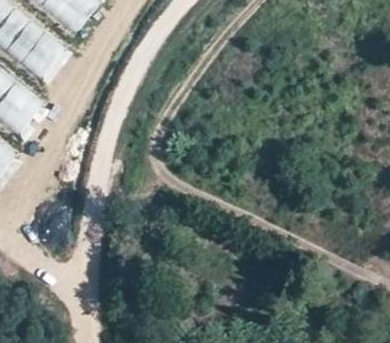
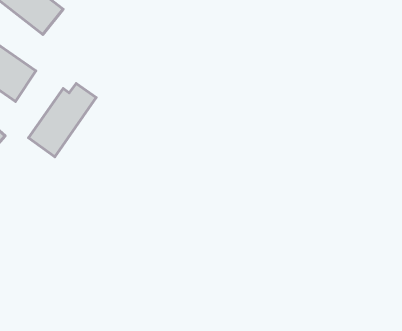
building: none -> [29,83,96,157]

